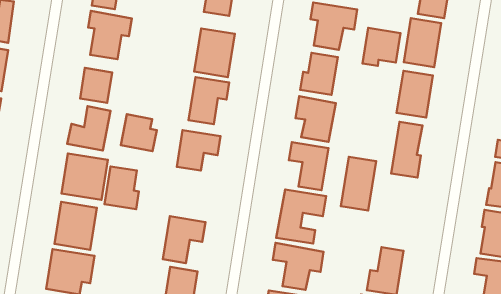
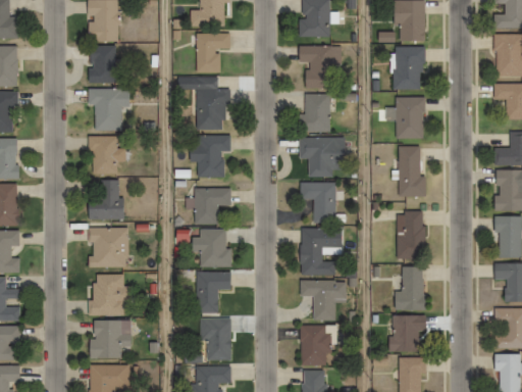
building: [362,28,400,66] -> none
building: [121,114,157,151] -> none
building: [341,157,376,211] -> [397,212,423,260]
building: [105,166,139,209] -> [201,230,231,266]

